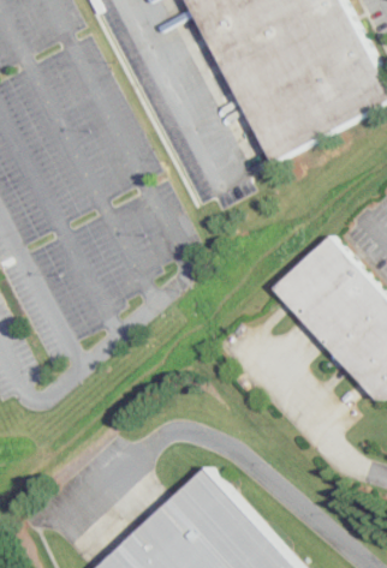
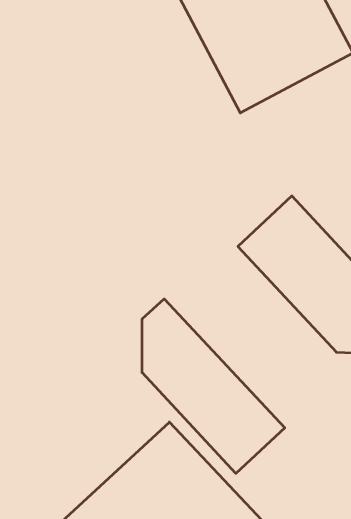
building: none -> [142,299,285,473]

